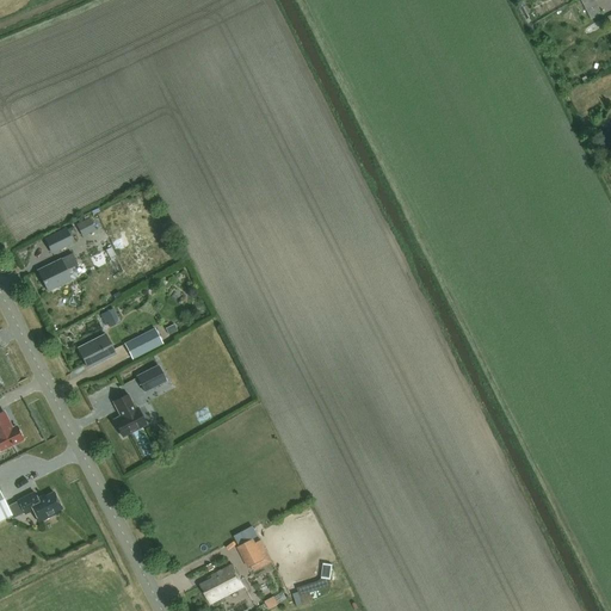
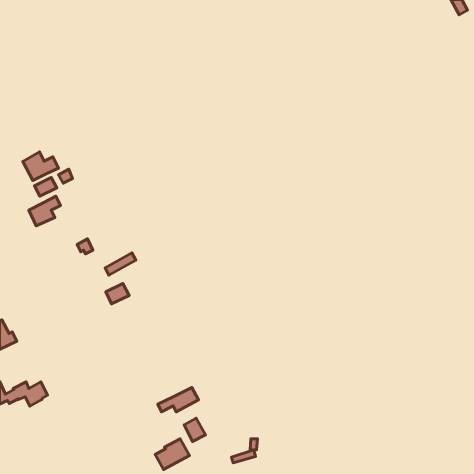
building: none -> [23,152,59,180]
building: [76,333,115,368] -> none
building: [112,394,146,436] -> none
building: none -> [158,388,198,412]

